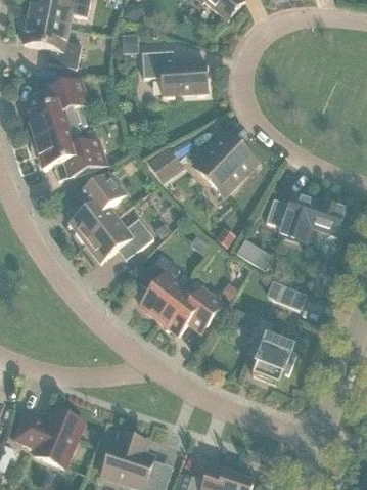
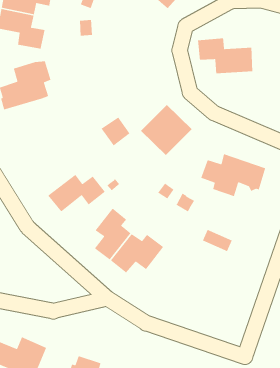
building: [141,50,208,94] -> [197,37,253,74]
building: [32,127,106,177] -> none
building: [68,171,126,241] -> none
building: [249,318,296,385] -> none

